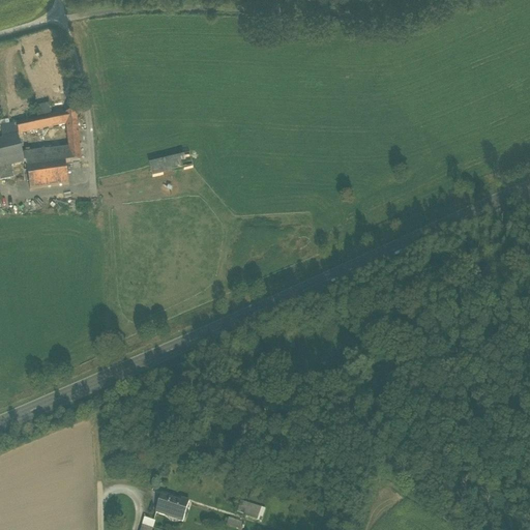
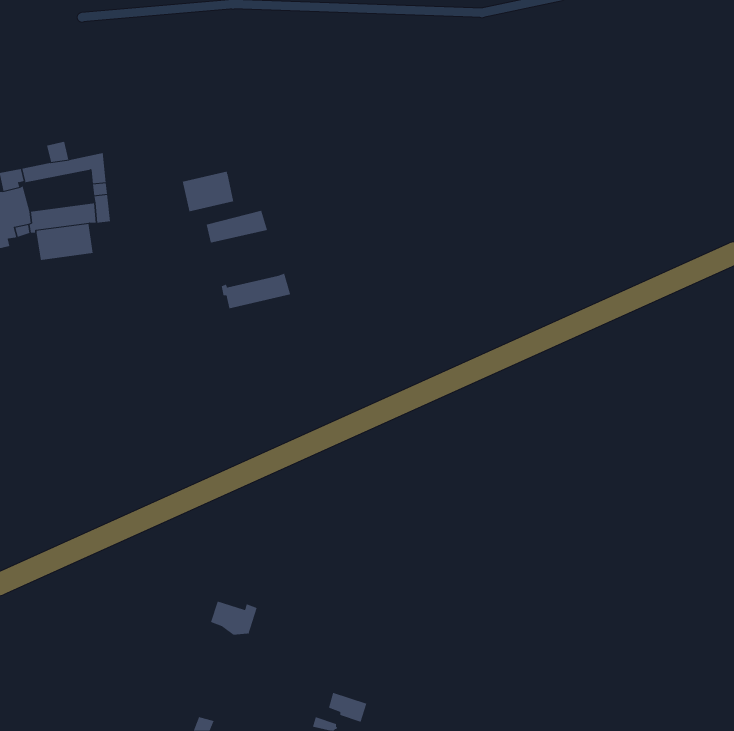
building: none -> [182,171,234,212]
building: none -> [221,273,291,309]
building: [154,494,188,519] -> [210,601,258,635]

